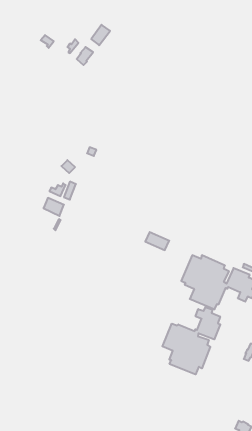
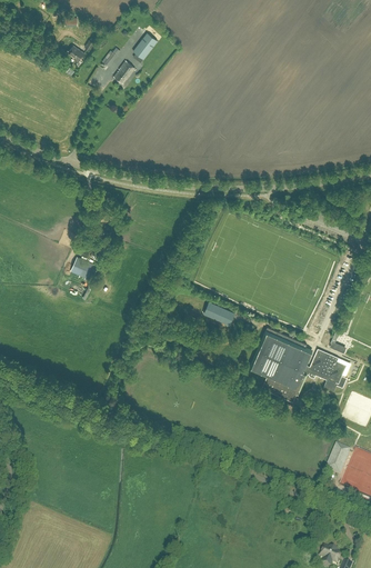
building: [162,307,220,374] -> none

